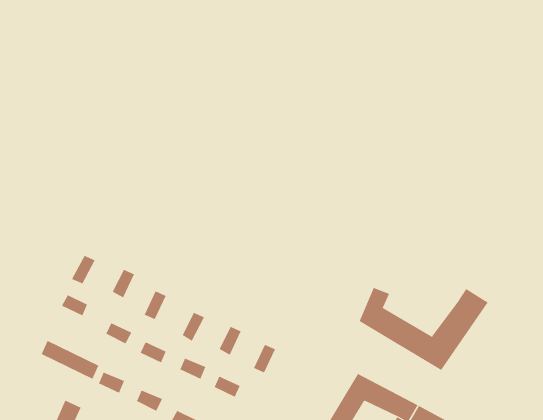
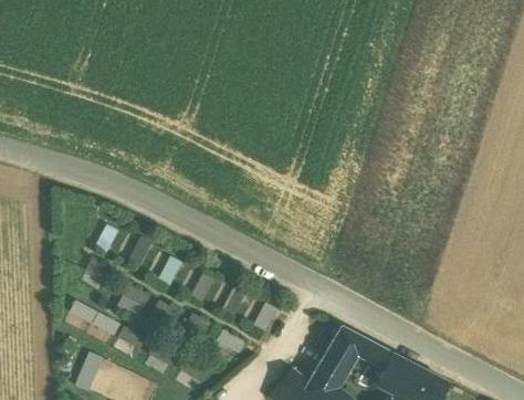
building: [359,287,488,371] -> none

